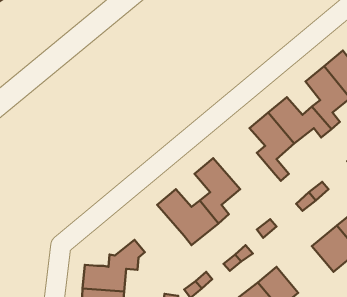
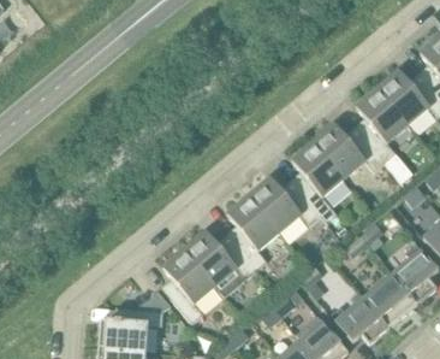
building: none -> [250,176,322,230]
building: none -> [163,251,213,322]
building: none -> [331,296,390,342]

